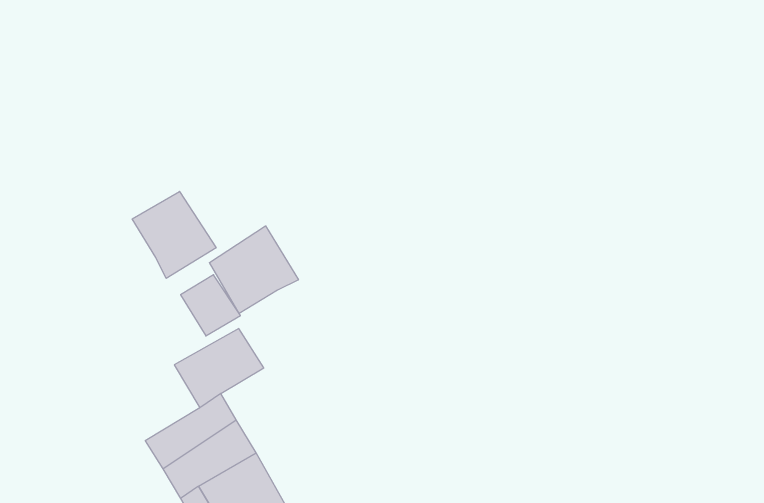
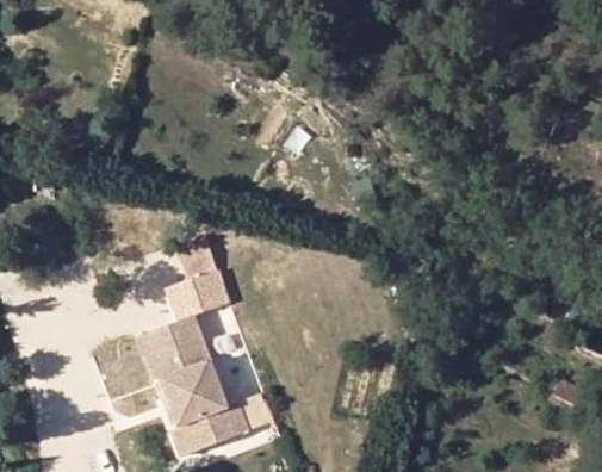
building: [132,191,216,278] -> none
building: [209,226,298,314] -> none

